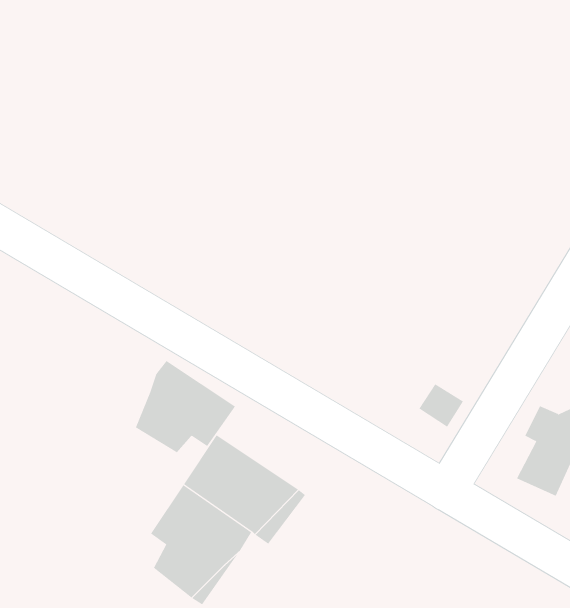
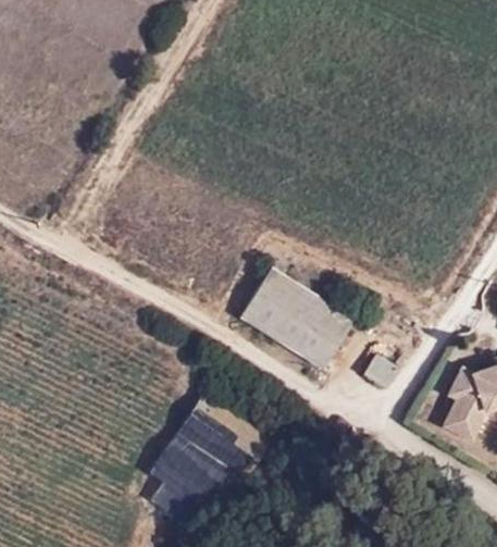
building: none -> [239,268,352,368]
building: [135,360,236,453] -> none

